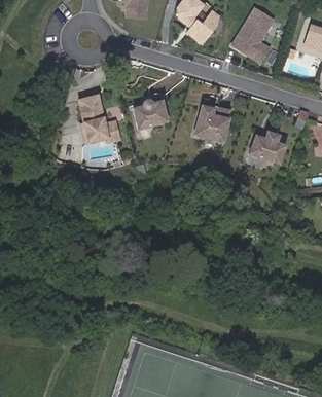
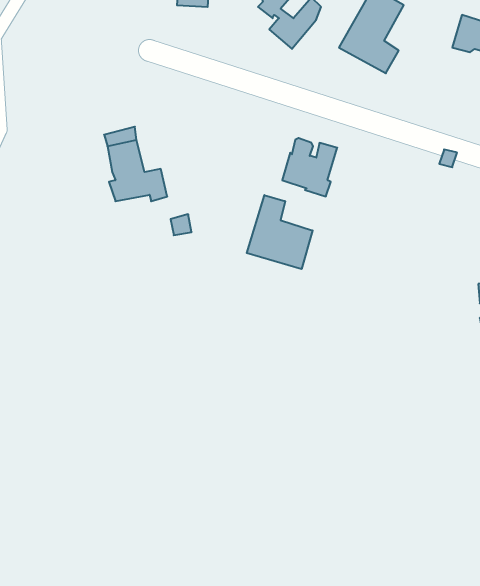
building: [137,97,171,131] -> none
building: [246,135,284,164] -> none
building: none -> [247,195,313,269]

